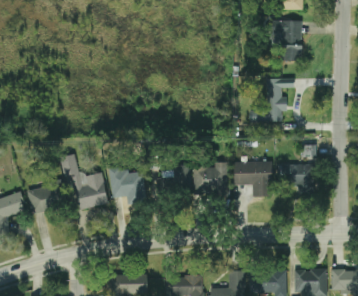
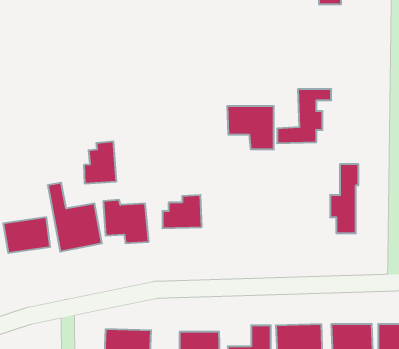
building: [271,21,301,62] -> none
building: none -> [84,141,116,184]
building: [193,162,227,191] -> none
building: [233,162,271,197] -> [227,106,274,149]

